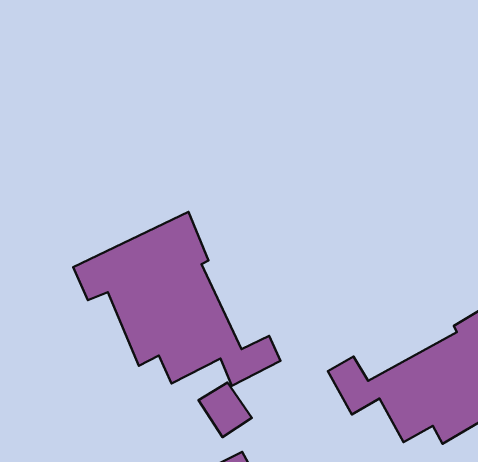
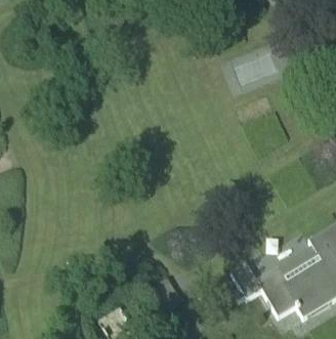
building: [73,212,281,386] -> none

